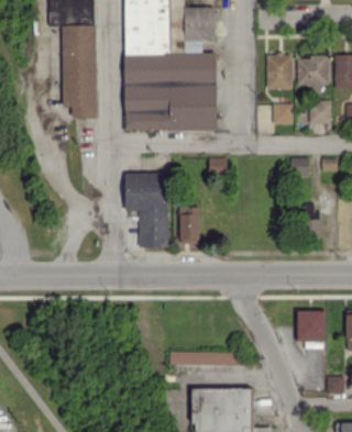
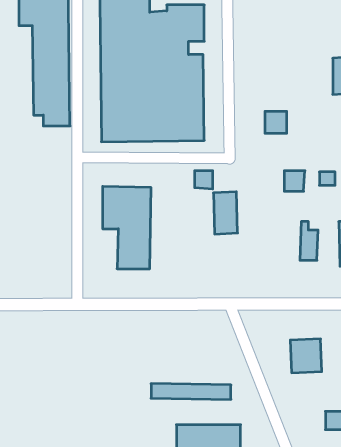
building: [266,54,292,89] -> none
building: [296,56,328,87] -> none
building: [308,101,330,123] -> none
building: [179,206,201,244] -> [213,192,238,234]

